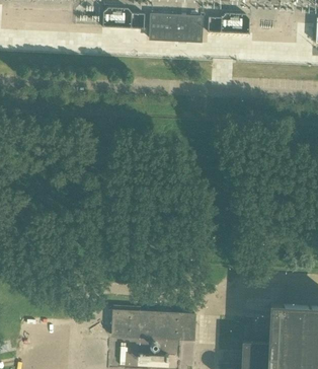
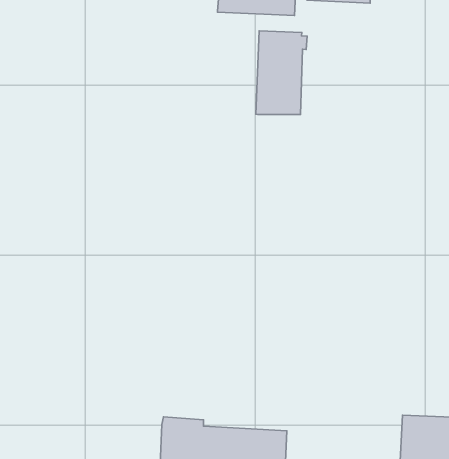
building: none -> [256,31,307,114]

